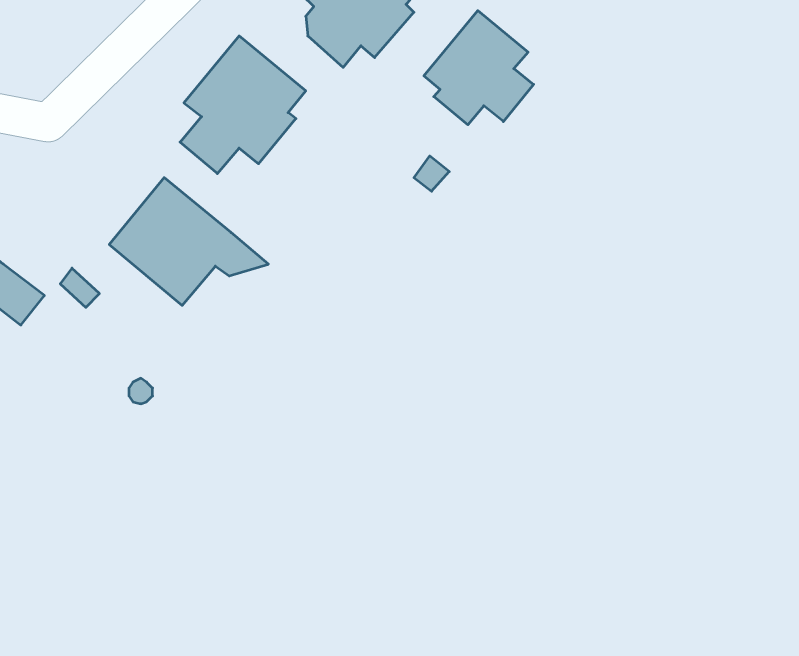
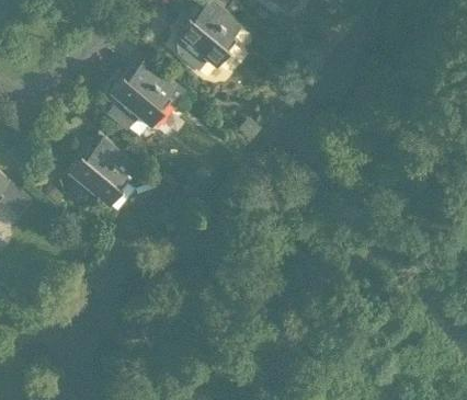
building: [424,11,534,125] -> none

